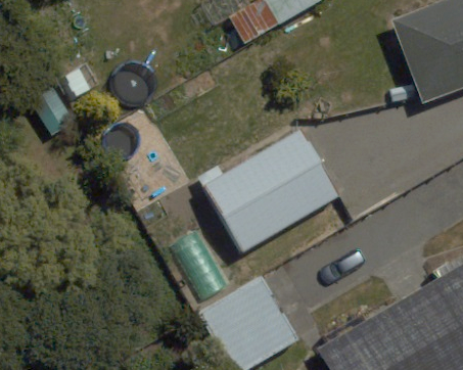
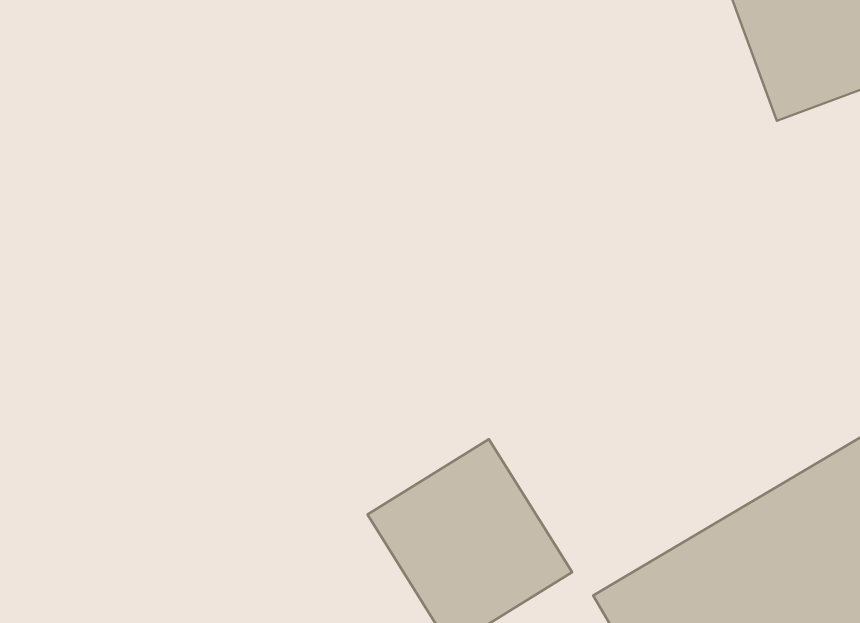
building: [196,114,348,251] -> none

